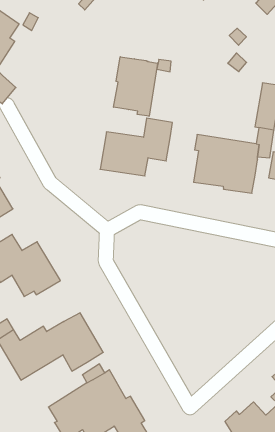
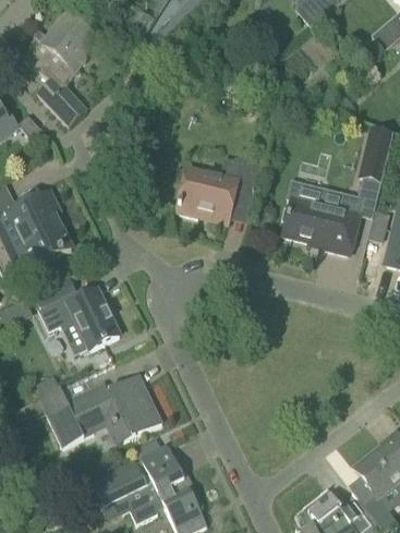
building: [114,57,157,116] -> none

